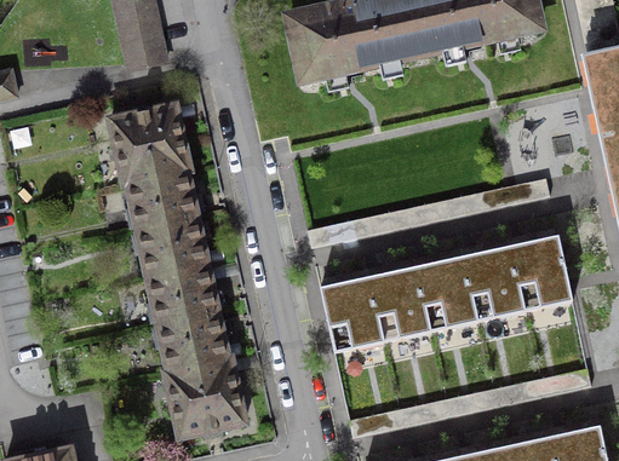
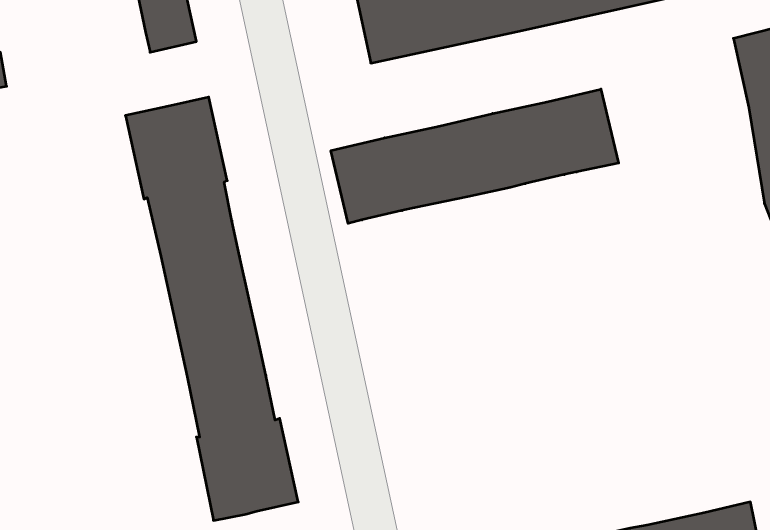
building: none -> [331,89,619,223]
building: [325,235,571,352] -> none

